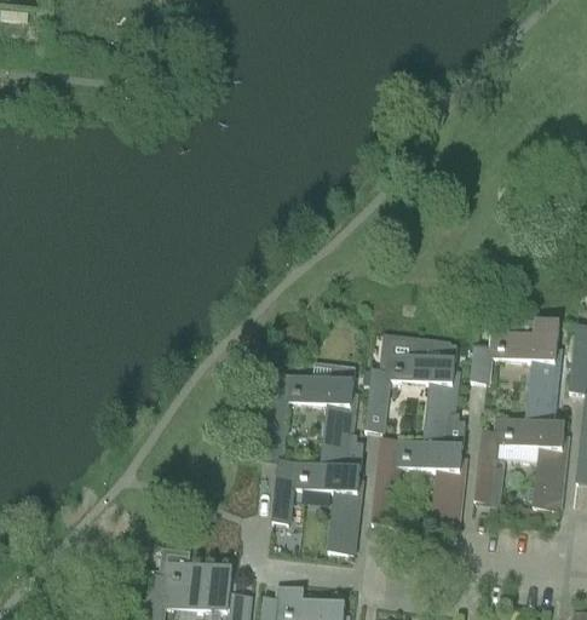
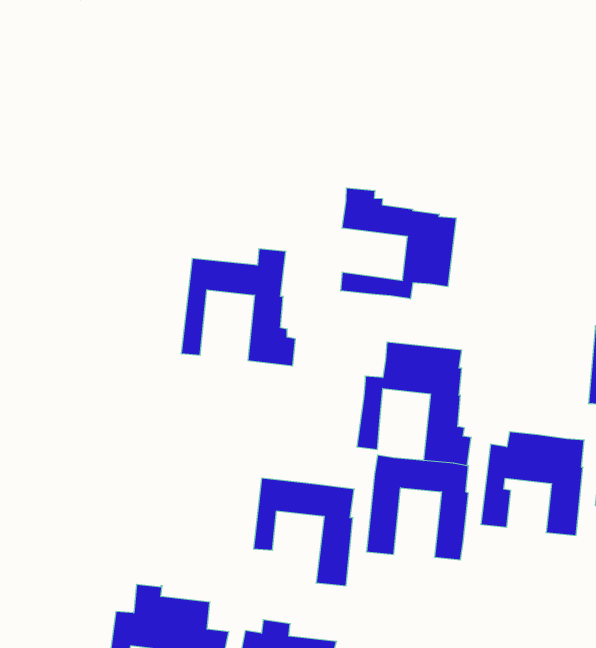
building: none -> [341,188,456,299]
building: [471,314,560,421] -> none
building: [263,362,364,466] -> [181,249,295,366]

